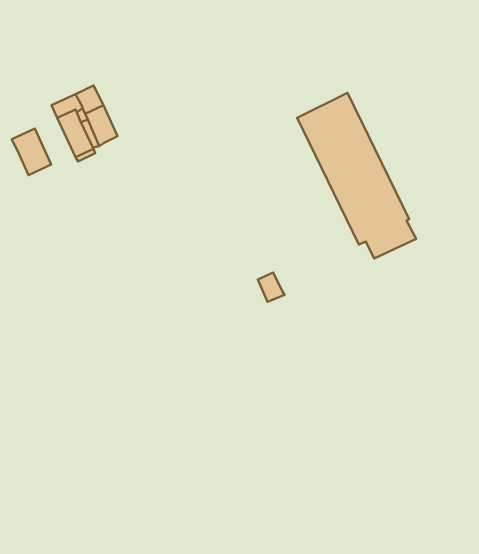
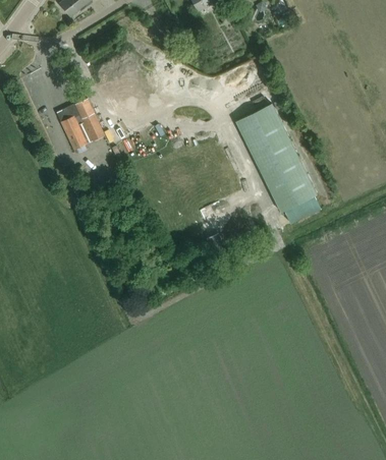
building: [12,128,51,175] -> none

